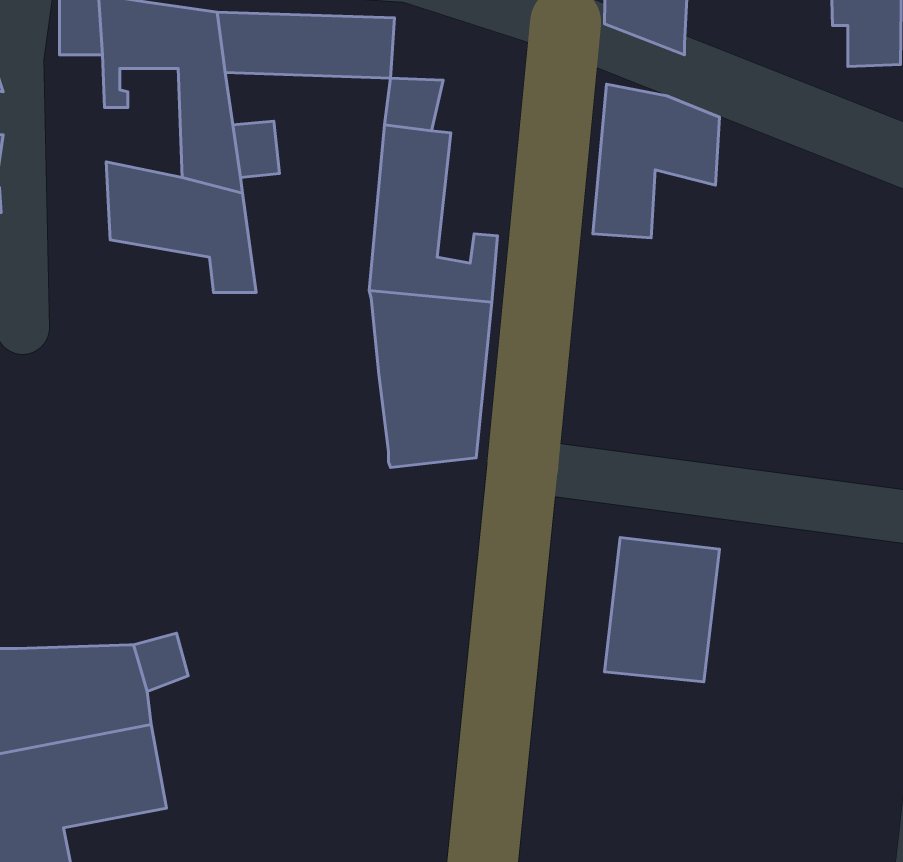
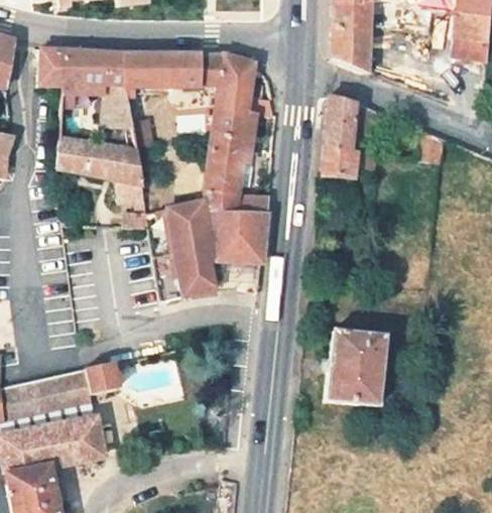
building: none -> [216,56,249,89]
building: none -> [167,202,216,294]

